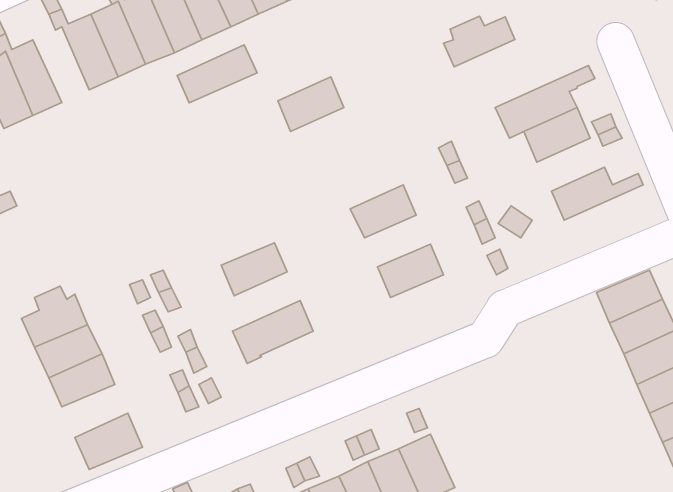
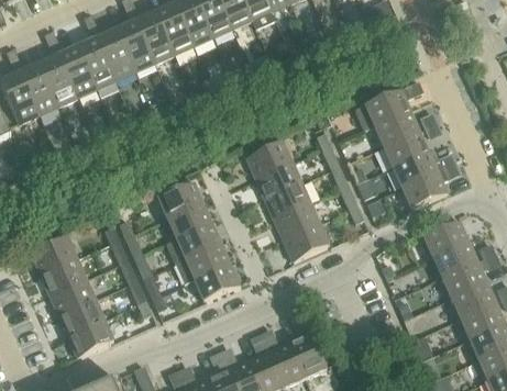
building: [443,16,515,67] -> none
building: none -> [38,55,77,107]
building: [177,45,257,103] -> none
building: [278,77,344,132] -> [246,142,291,179]
building: none -> [383,131,429,167]
building: none -> [401,163,459,209]
building: none -> [157,181,203,217]
building: none -> [265,183,310,219]
building: none -> [167,222,221,262]
building: none -> [283,224,329,261]
building: none -> [194,262,240,301]
building: none -> [58,299,103,335]

